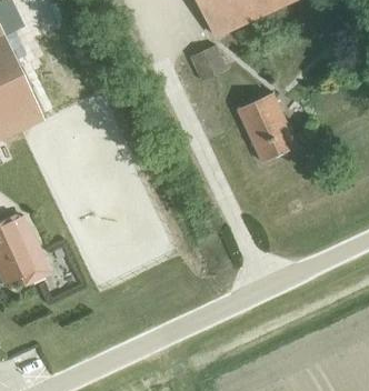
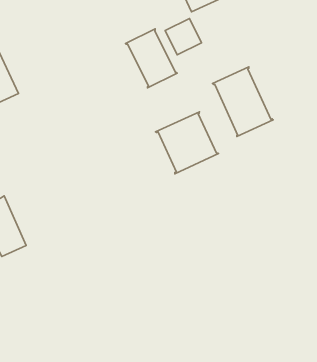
building: none -> [125,29,177,88]
building: none -> [156,112,219,174]

